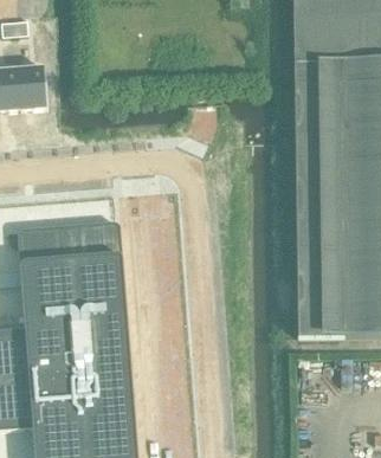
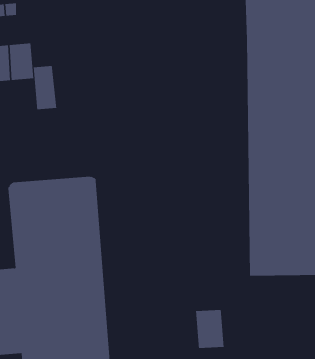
building: none -> [33,65,57,110]
building: none -> [196,309,224,349]

